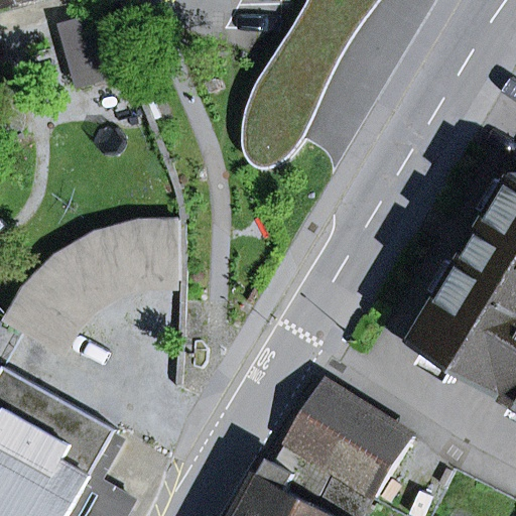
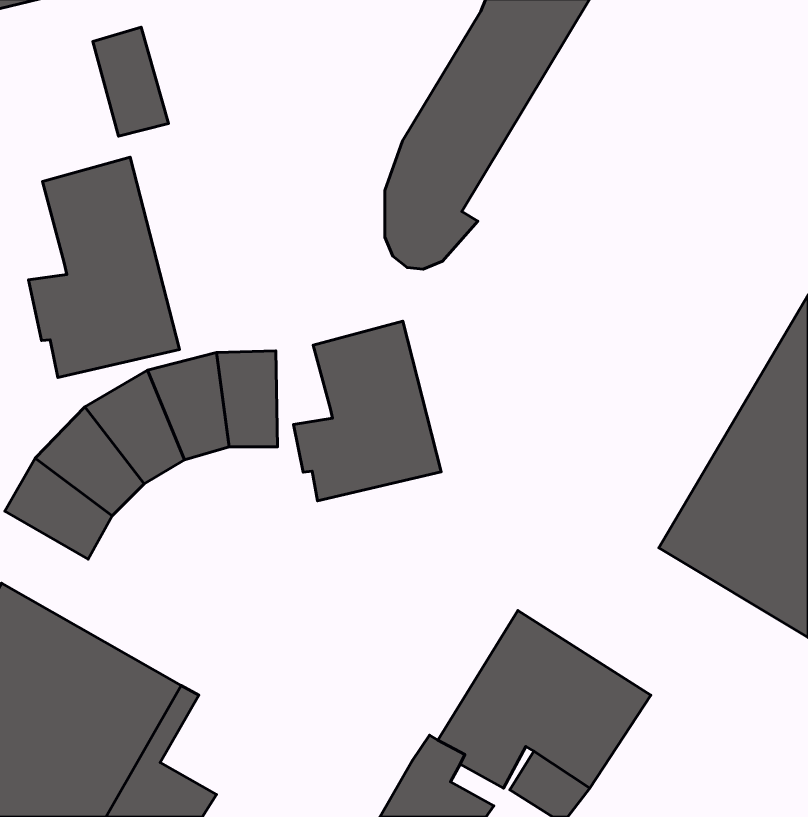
building: none -> [28,157,179,378]
building: none -> [294,321,441,501]

